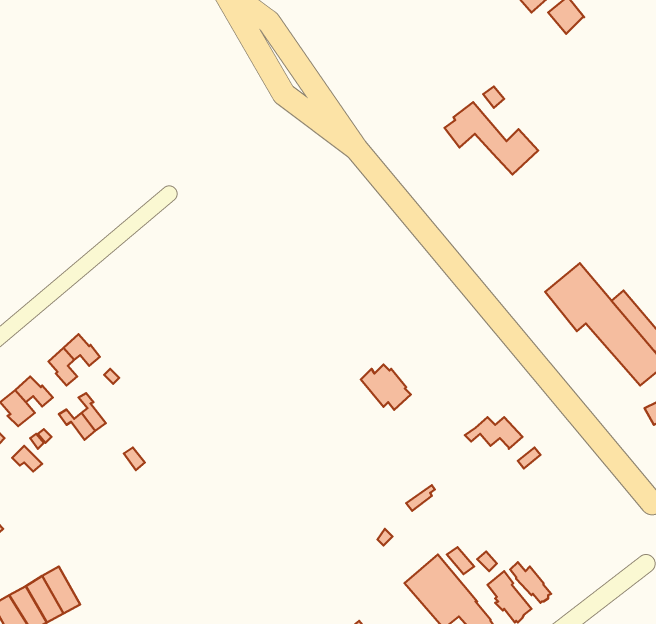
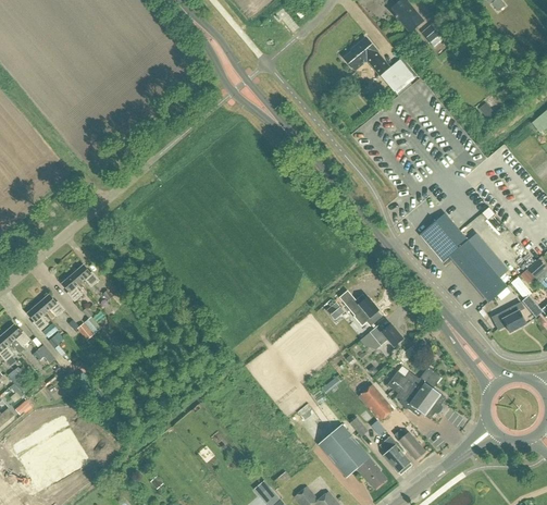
building: [444,102,538,175] -> [344,37,411,89]
building: [361,364,411,410] -> [345,293,381,325]
building: none -> [386,366,445,419]
building: none -> [357,383,393,420]

